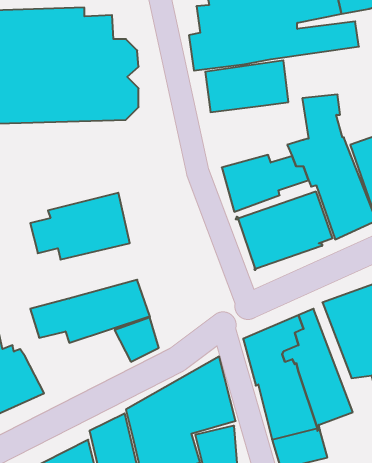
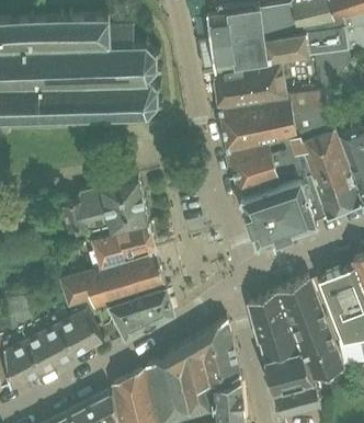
building: none -> [219,102,299,153]
building: none -> [91,225,155,271]
building: none -> [95,298,149,339]
building: none -> [57,306,102,353]

